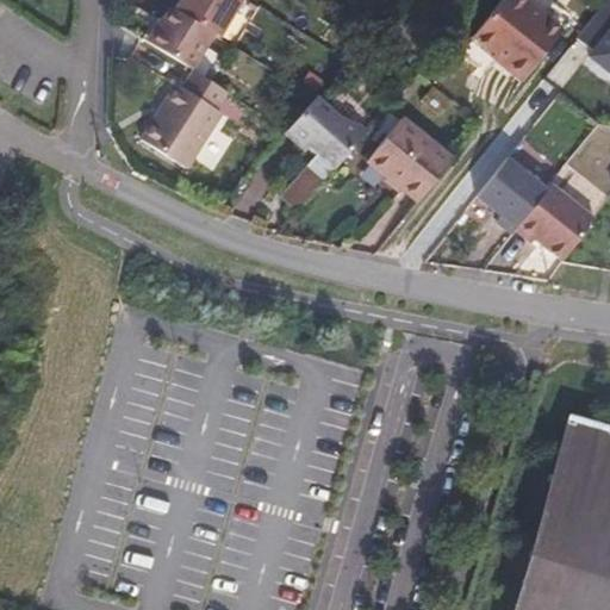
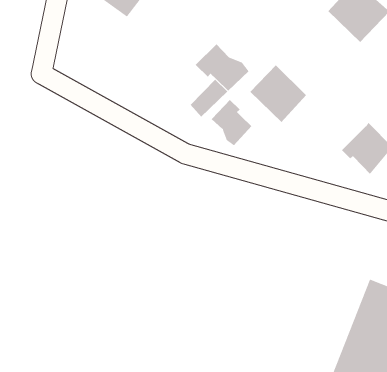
building: [136,68,225,166] -> none
building: [478,163,547,237] -> none
building: none -> [211,99,252,146]

